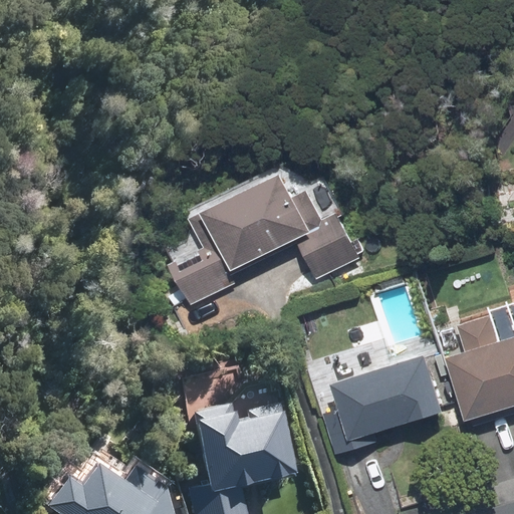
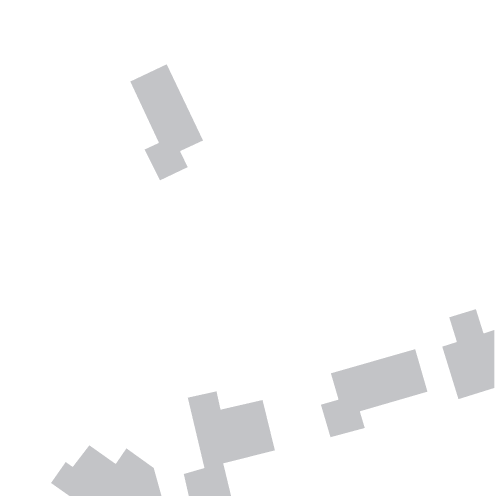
building: none -> [129,63,204,181]
building: [179,174,360,297] -> none

